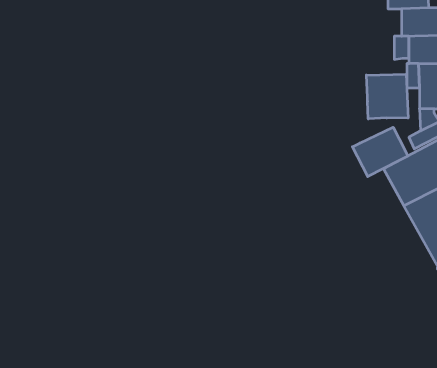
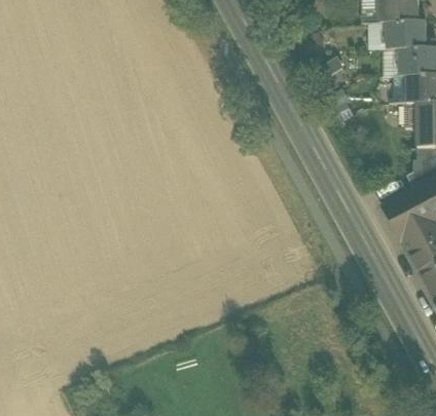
building: [366,74,408,119] -> none
building: [352,127,408,177] -> none

